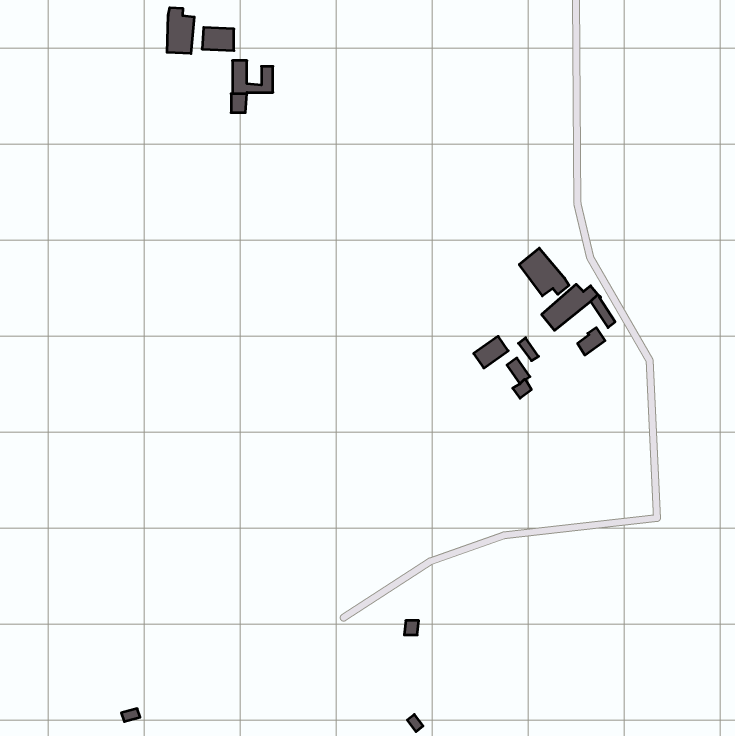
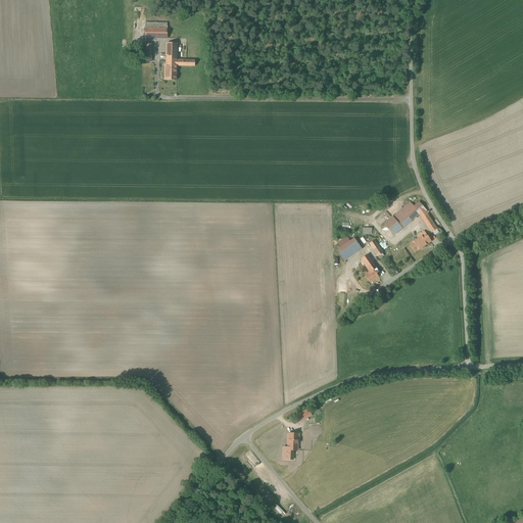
building: [167,8,194,54] -> none
building: [519,248,569,296] -> none

